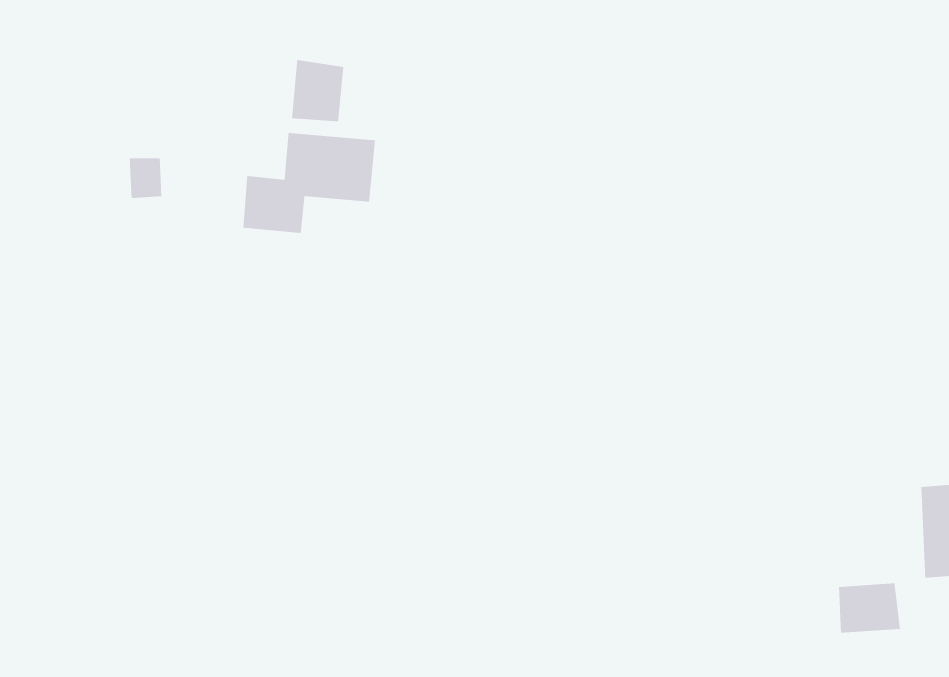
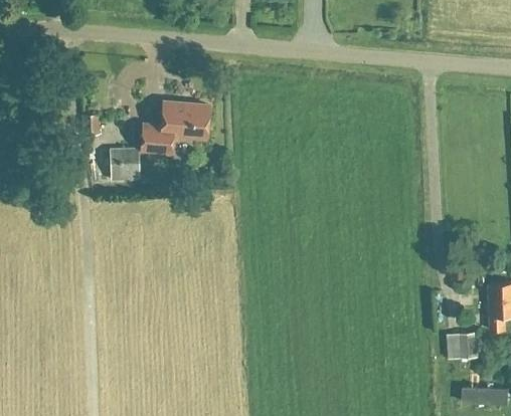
building: [291,59,344,122] -> none
building: none -> [110,148,140,179]

